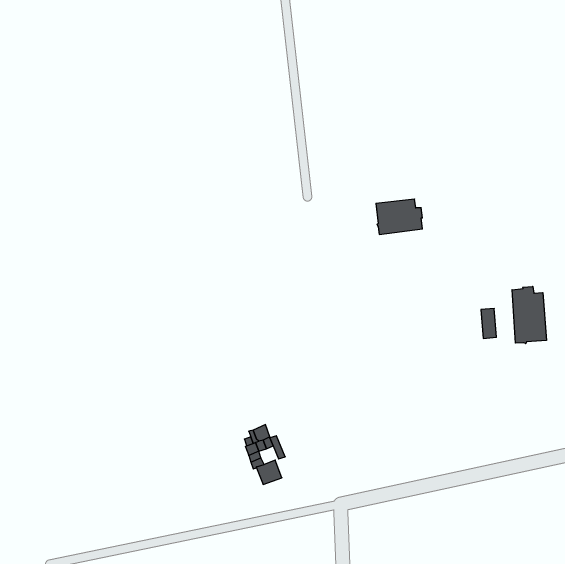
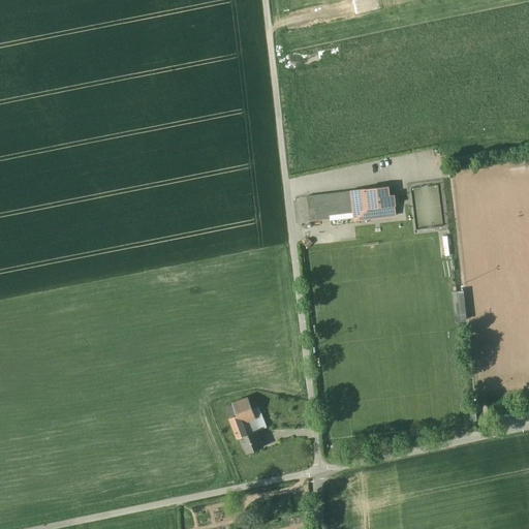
building: none -> [307,190,353,219]
building: [512,286,546,344] -> none

